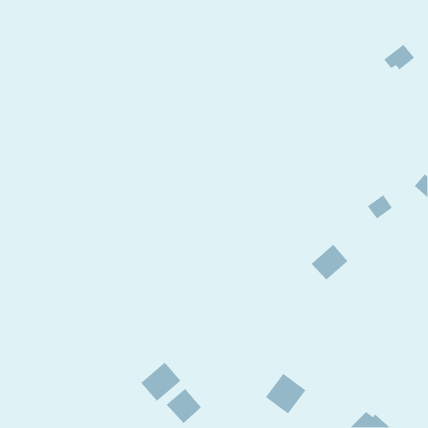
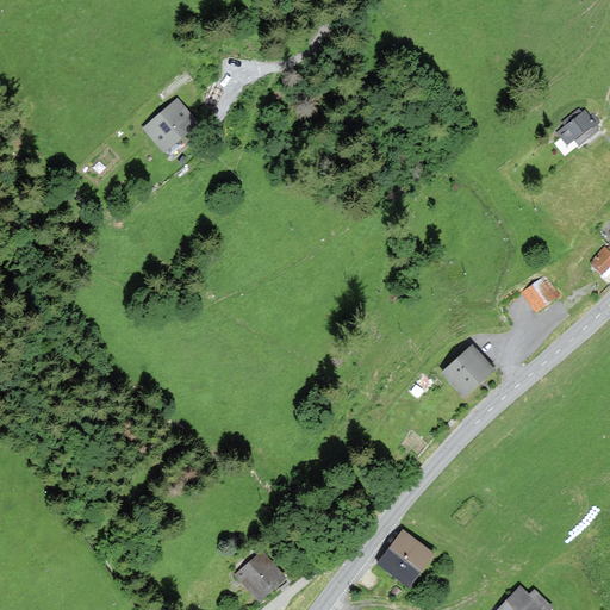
building: [383,44,415,70] -> [556,110,602,148]
building: none -> [138,99,188,147]
building: [140,362,181,402] -> none

